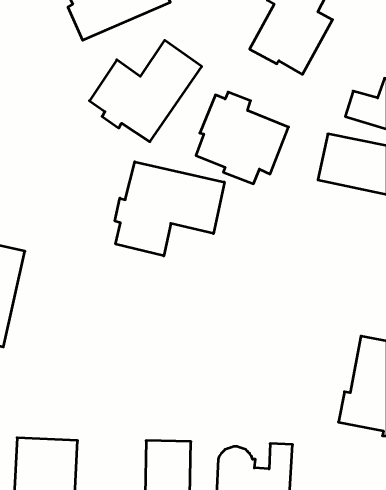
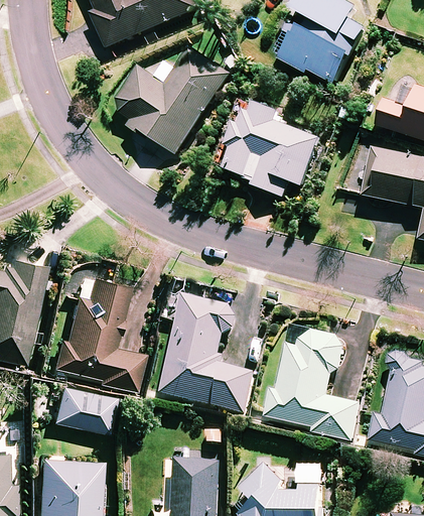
building: [115,162,224,256] -> none
building: none -> [53,275,145,393]
building: none -> [159,297,252,414]
building: none -> [267,330,361,441]
building: none -> [52,384,116,433]

